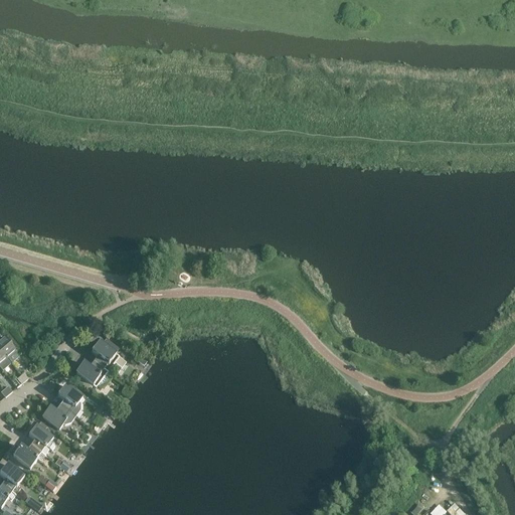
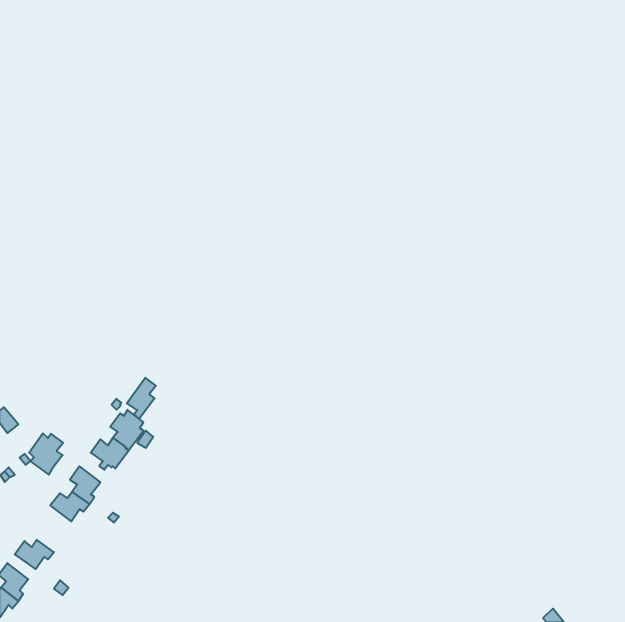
building: none -> [127,378,156,419]
building: none -> [29,433,63,475]
building: [28,422,52,453] -> none

